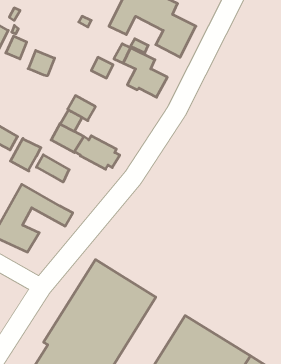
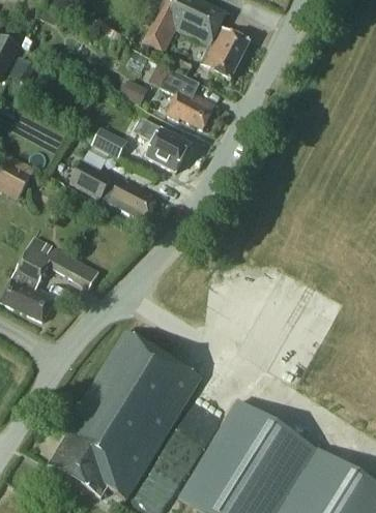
building: [28,50,55,76] -> none
building: none -> [134,118,191,173]
building: [10,138,41,171] -> none
building: [36,155,69,182] -> none

